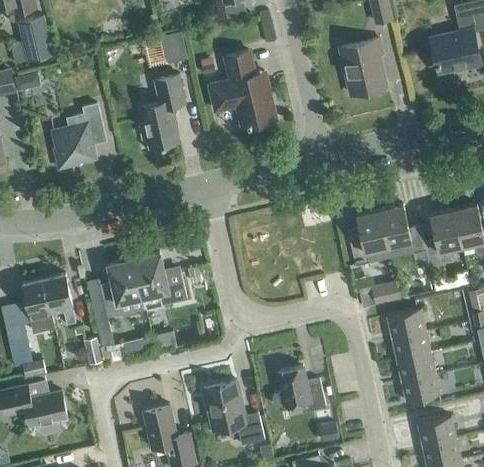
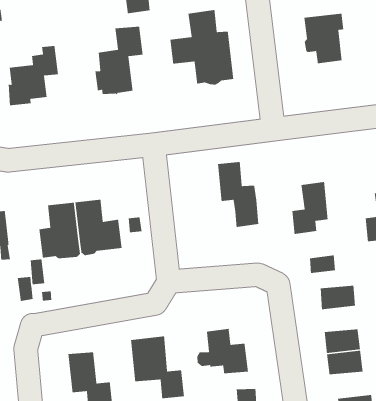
building: [380,204,429,271] -> [217,161,259,228]
building: [391,330,430,359] -> none

